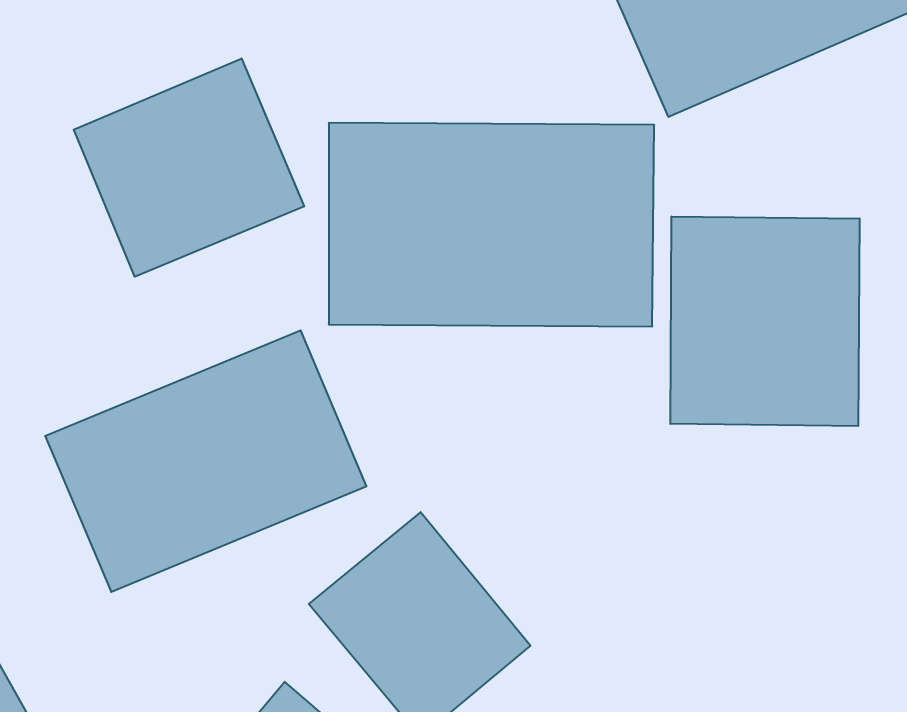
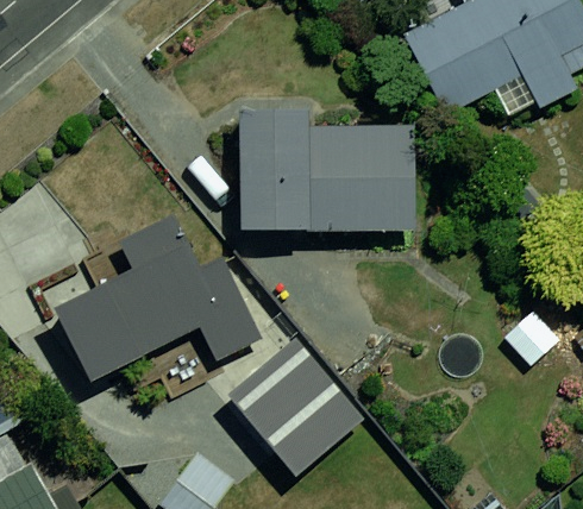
building: [74,58,304,277] -> none
building: [670,216,860,426] -> none

